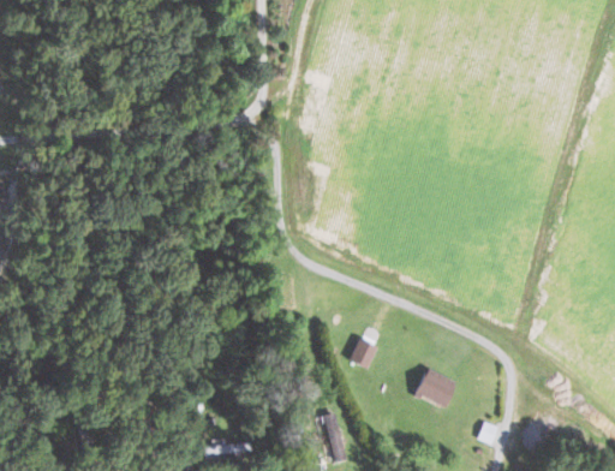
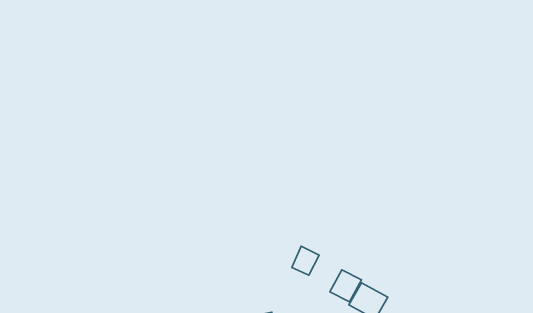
building: none -> [330,270,362,302]

